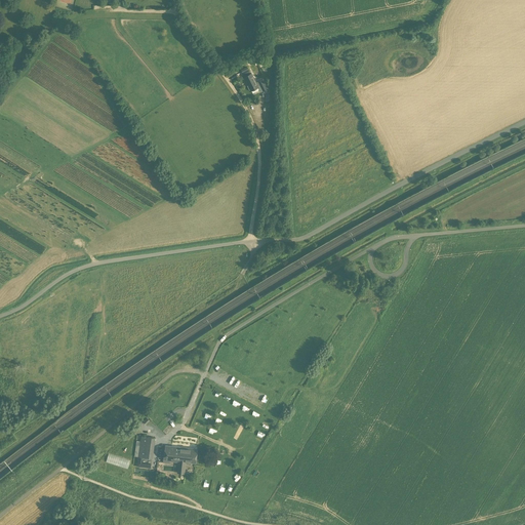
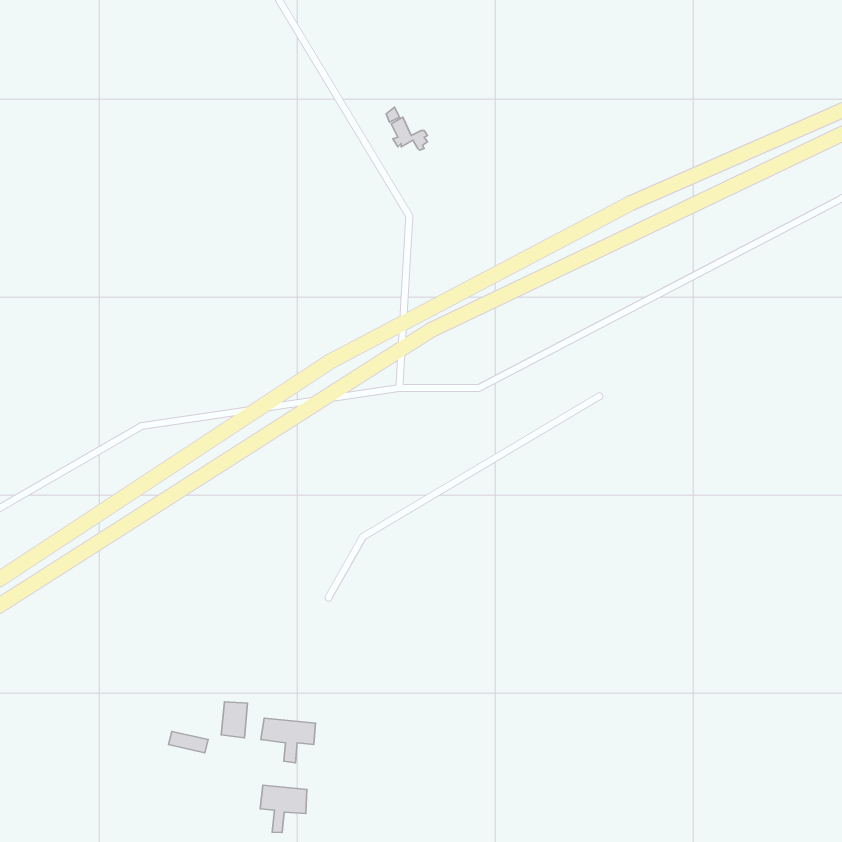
building: none -> [260,785,307,832]

